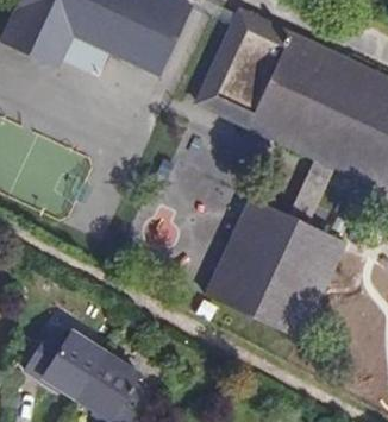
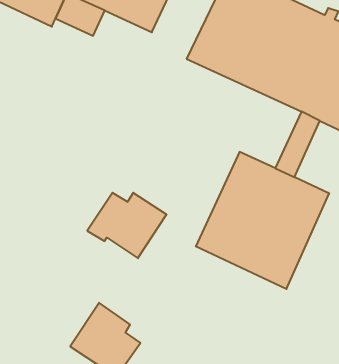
building: [25,329,107,397] -> [87,193,167,258]

